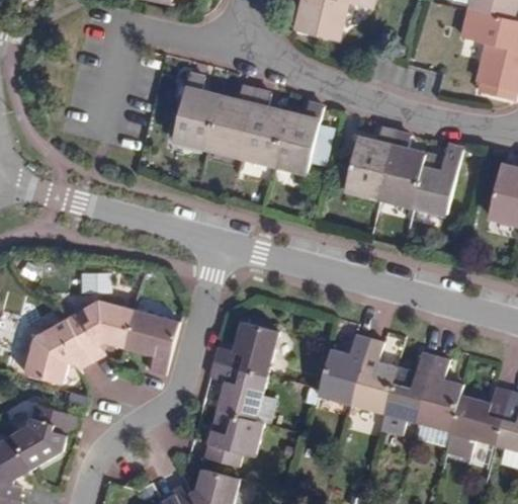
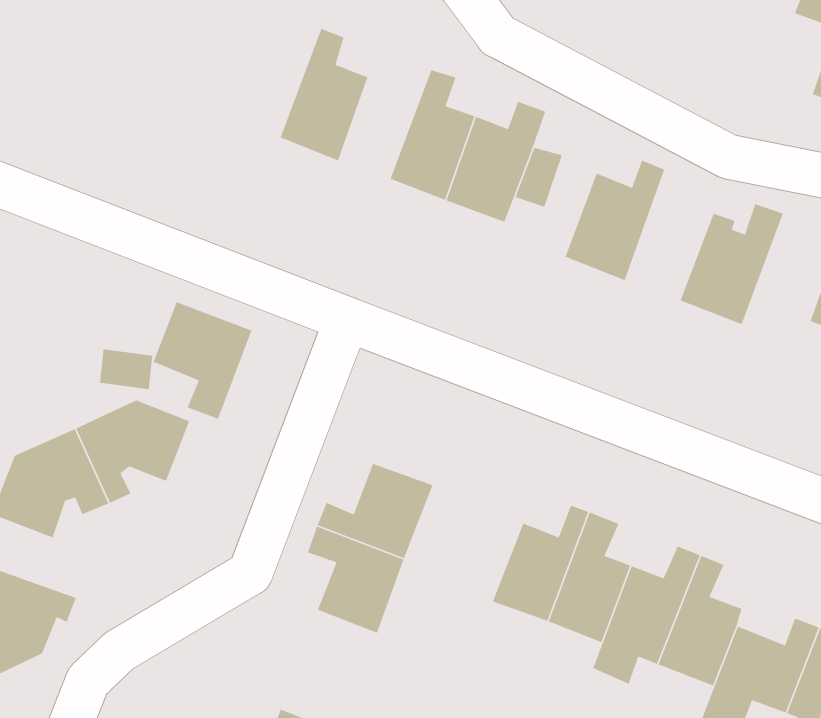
building: [204,87,252,157] -> none
building: [376,135,422,209] -> none
building: [124,308,180,373] -> [152,301,252,420]
building: [206,409,264,465] -> none

